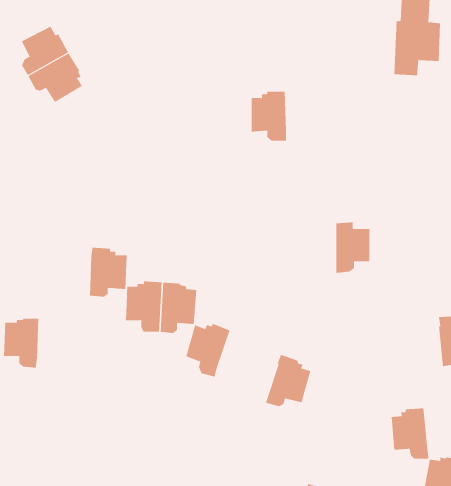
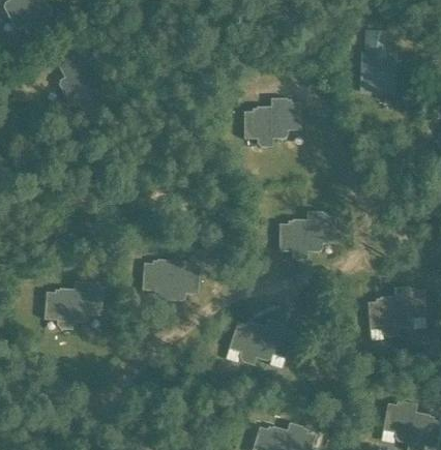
building: none -> [271,97,300,138]
building: none -> [285,212,313,261]
building: [89,247,128,297] -> [72,281,104,322]
building: [185,323,230,377] -> [230,321,266,364]
building: [391,408,429,459] -> [369,295,400,336]

